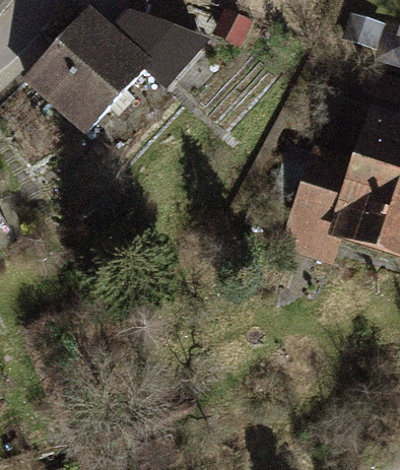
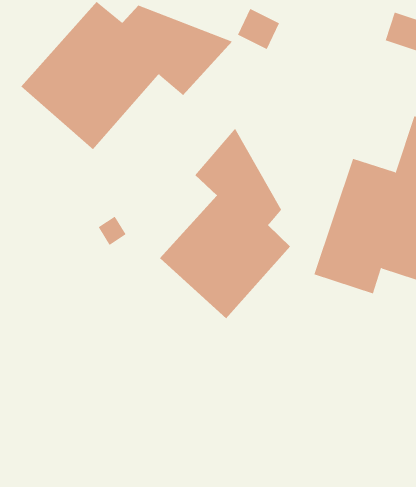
building: none -> [159,128,291,319]

